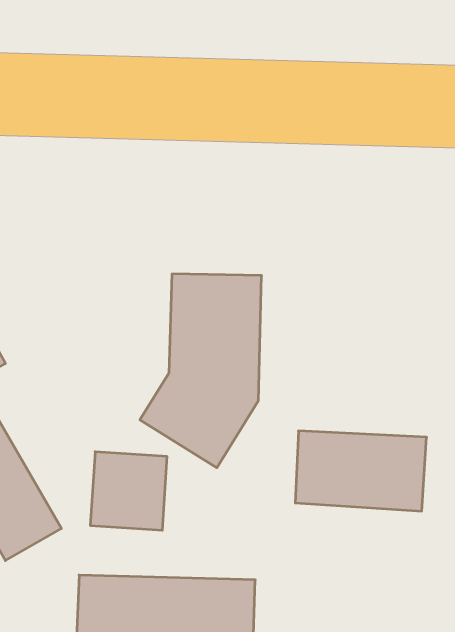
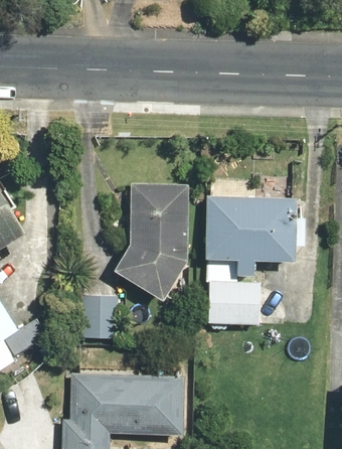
building: none -> [203,191,297,280]

